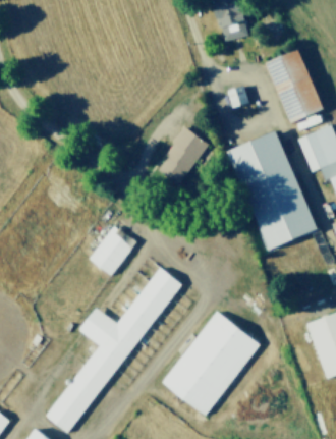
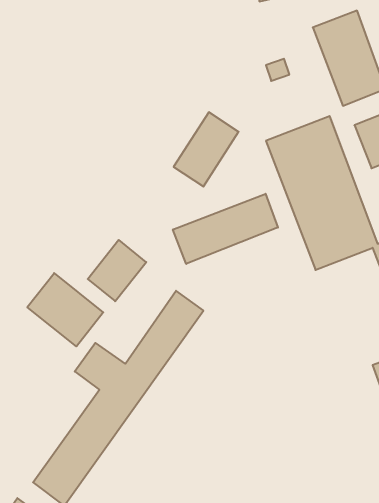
building: none -> [173,194,278,264]
building: none -> [27,273,103,346]
building: [163,311,261,417] -> none

